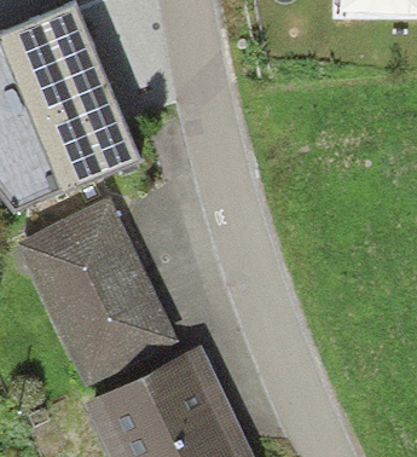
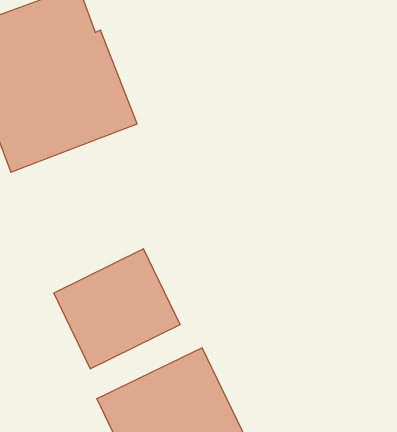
building: [28,215,139,313] -> none

